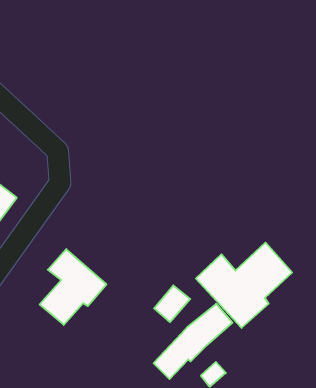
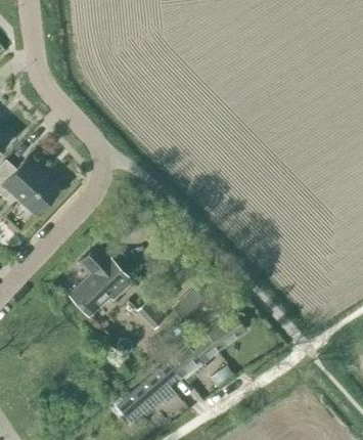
building: [196,243,292,328] -> none

